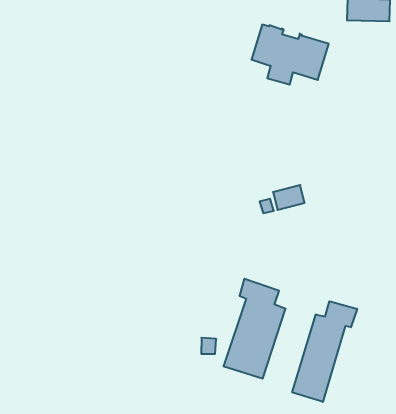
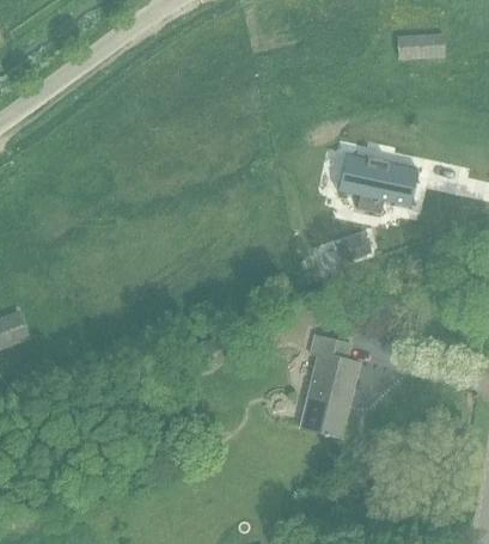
building: [251,25,329,85] -> [338,153,417,213]
building: [292,301,357,402] -> none

